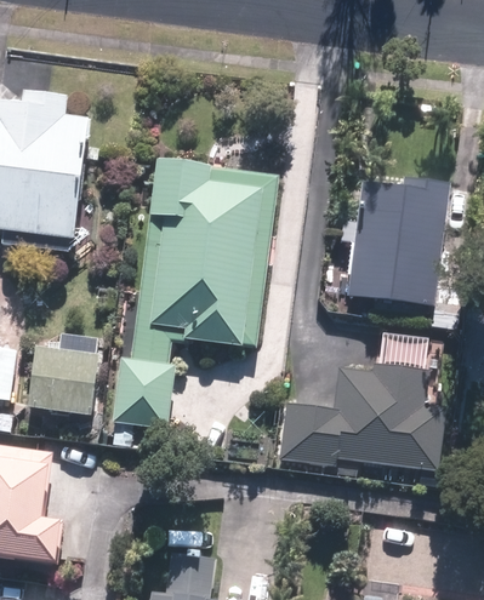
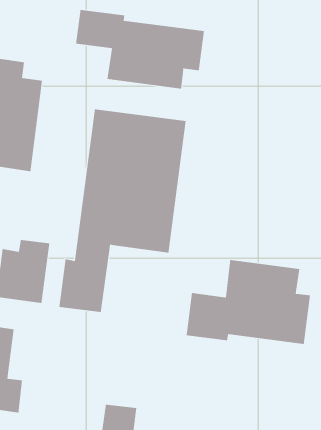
building: none -> [75,9,205,89]
building: [341,177,448,308] -> none

